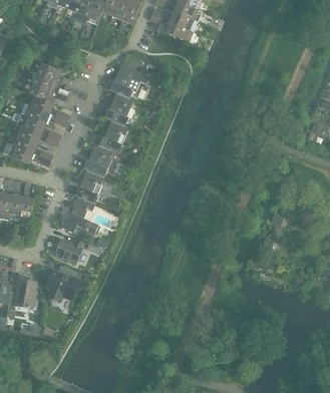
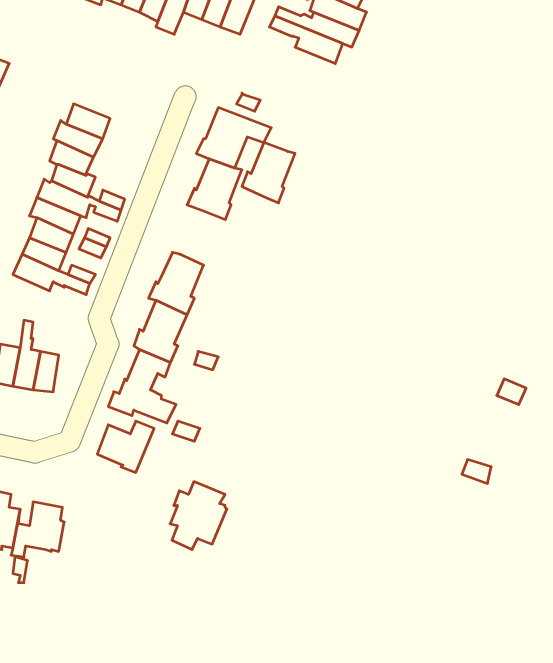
building: [99,119,128,152] -> [242,142,295,203]
building: [47,264,78,301] -> [170,482,227,550]

